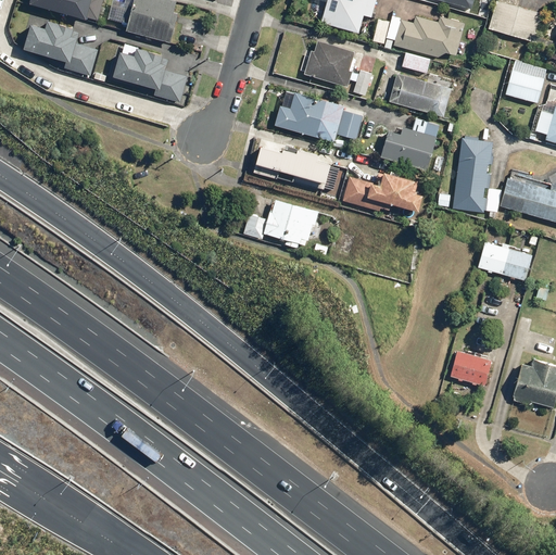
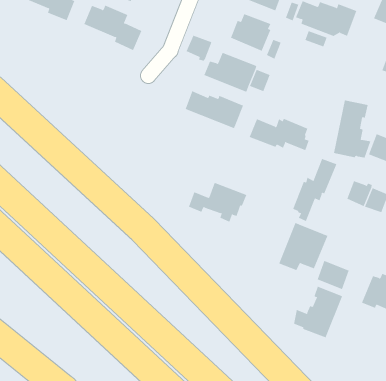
building: [389,72,452,116] -> none
building: none -> [186,35,212,62]
building: [380,117,440,169] -> none
building: [243,198,318,248] -> [188,182,247,222]
building: none -> [293,158,337,222]
building: none -> [278,222,328,271]
building: none -> [294,286,343,338]

